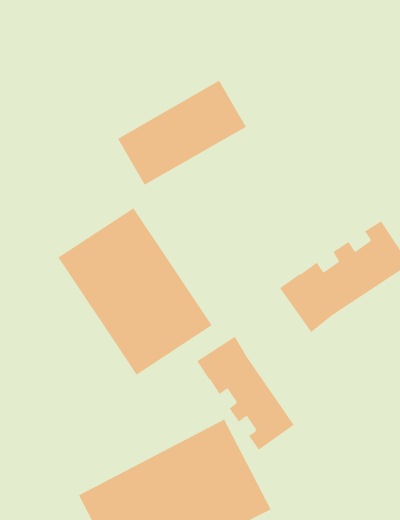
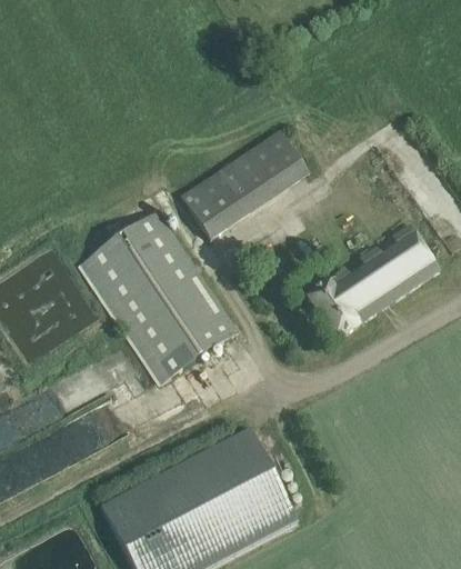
building: [117,80,247,186] -> [181,131,313,239]
building: [196,336,295,450] -> none

